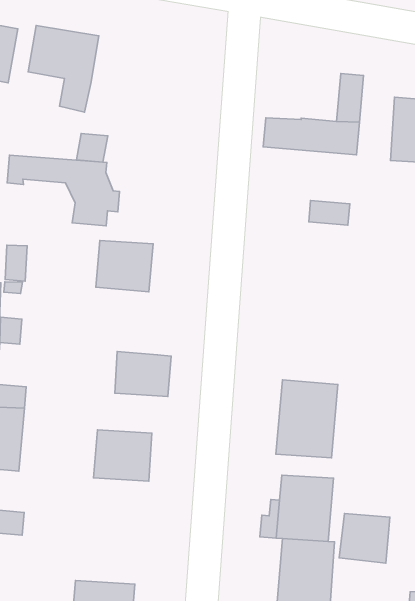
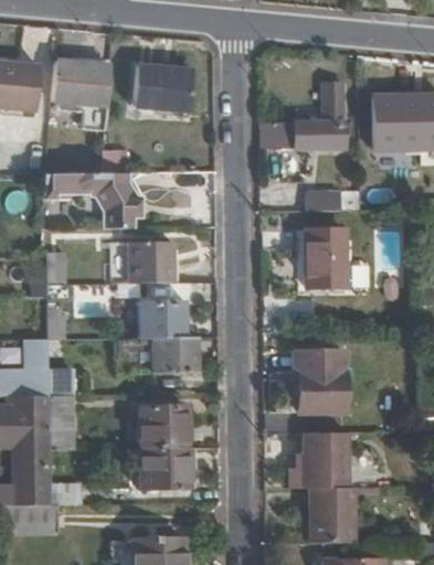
building: none -> [134,63,194,111]
building: none -> [306,228,346,287]
building: none -> [139,300,187,337]
building: none -> [140,447,190,491]
building: [339,513,390,563] -> none

